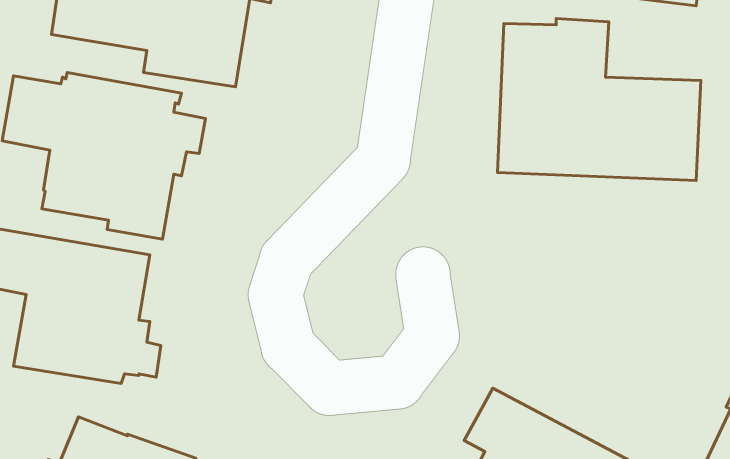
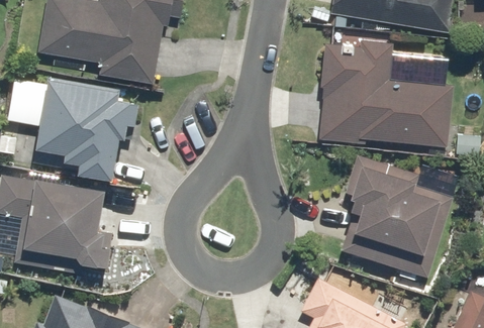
building: none -> [341,154,453,278]

